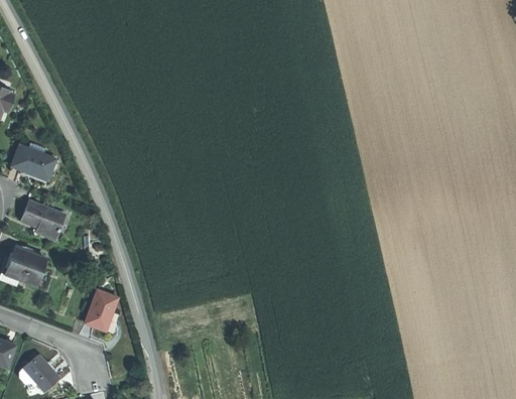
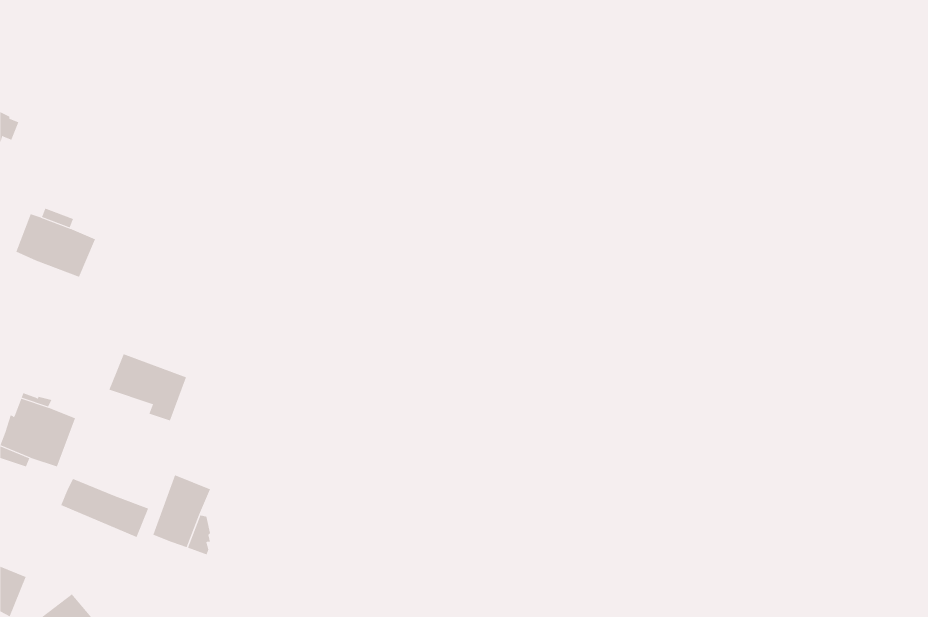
building: [19,202,62,239] -> [108,353,187,421]
building: none -> [61,478,149,538]

